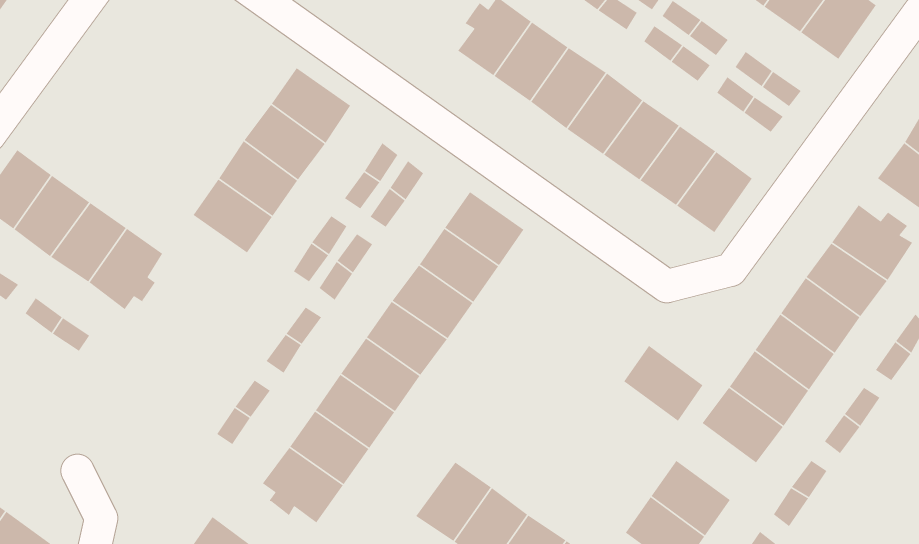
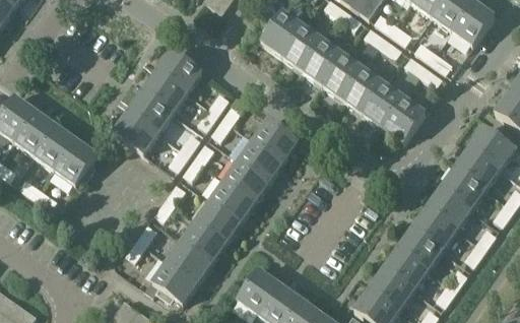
building: [623,345,704,422] -> [382,248,427,290]

